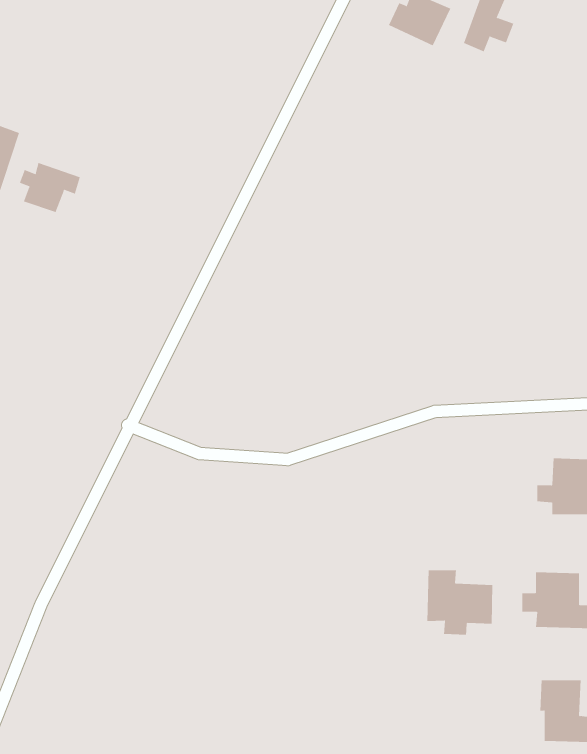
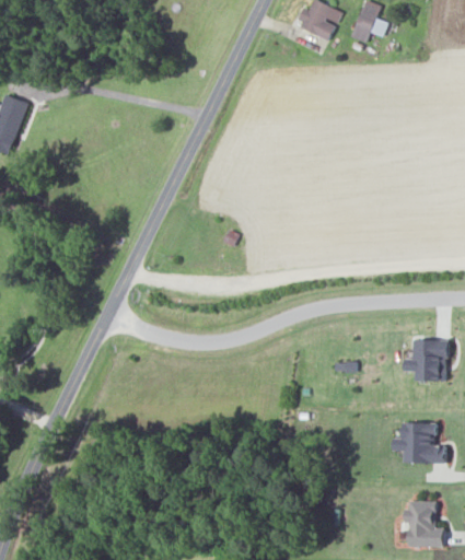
building: [19,162,81,213] -> none
building: [427,569,493,636] -> none

